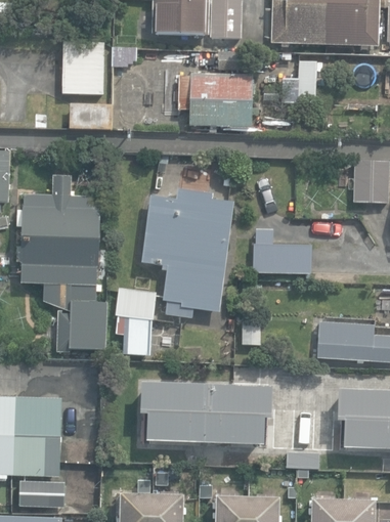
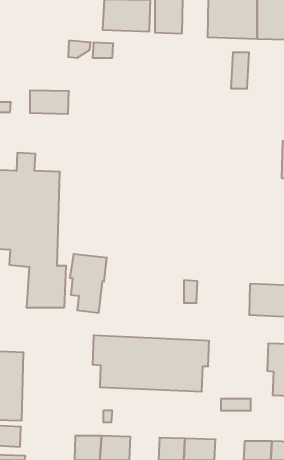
building: [62,41,103,94] -> none
building: [178,73,250,127] -> none
building: [140,187,233,317] -> none
building: [252,229,311,271] -> none

